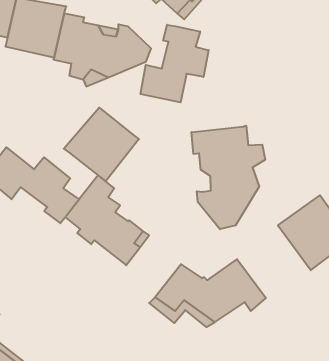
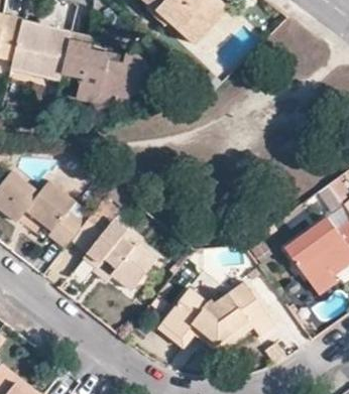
building: [140,25,209,102] -> none
building: [64,108,139,181] -> none
building: [192,126,265,229] -> none

